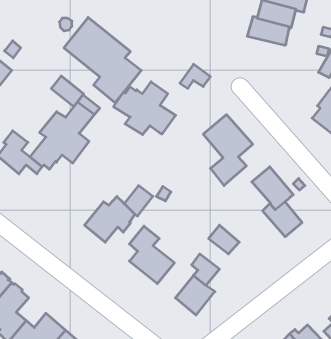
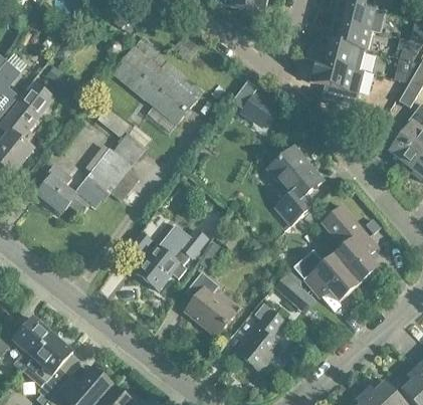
building: none -> [311,59,364,106]
building: [114,82,176,135] -> none
building: none -> [293,249,359,300]

